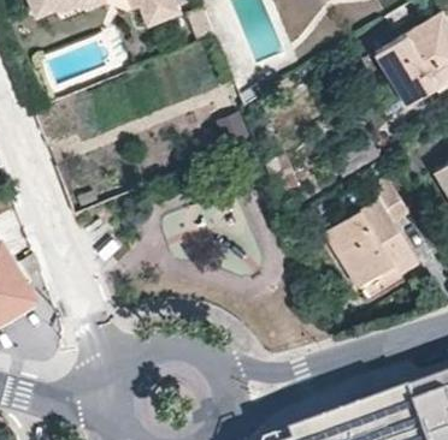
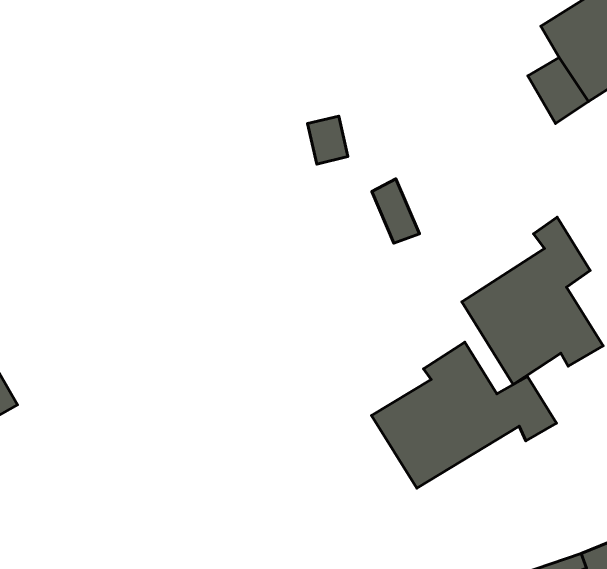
building: none -> [372,342,557,488]

